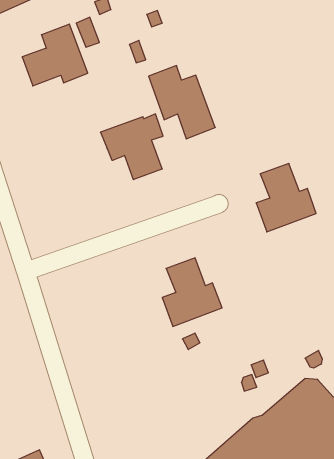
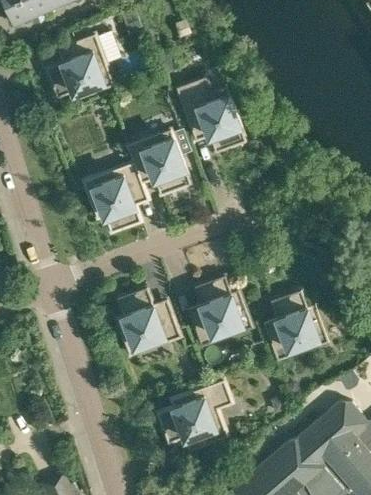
building: none -> [83,163,145,233]
building: [256,163,316,232] -> [266,290,328,361]
building: none -> [116,288,180,356]
building: none -> [157,380,232,448]

